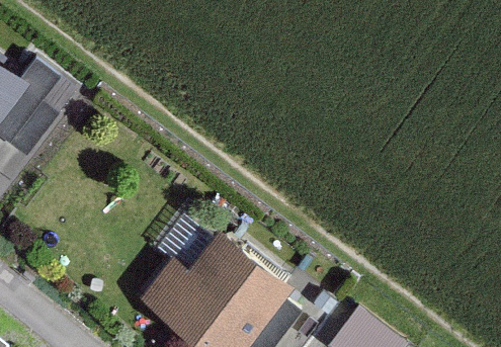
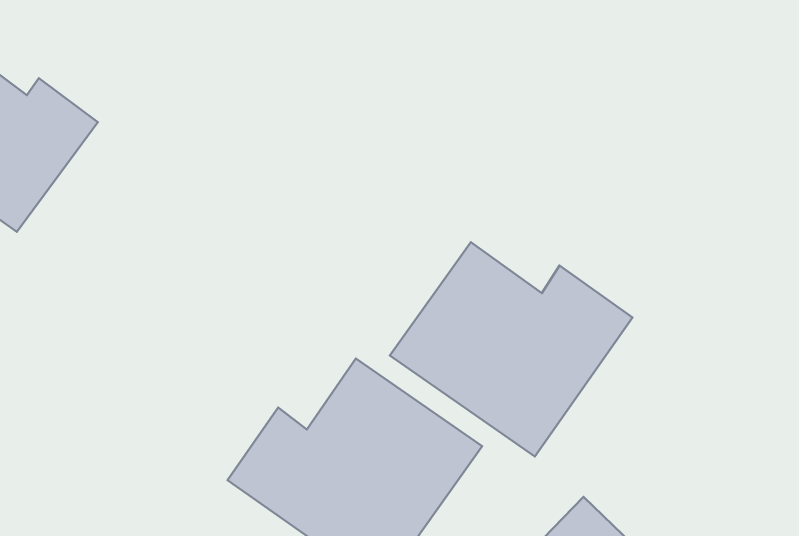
building: none -> [390,242,633,456]

